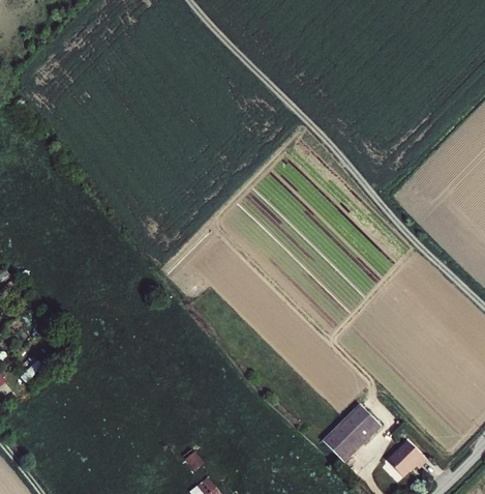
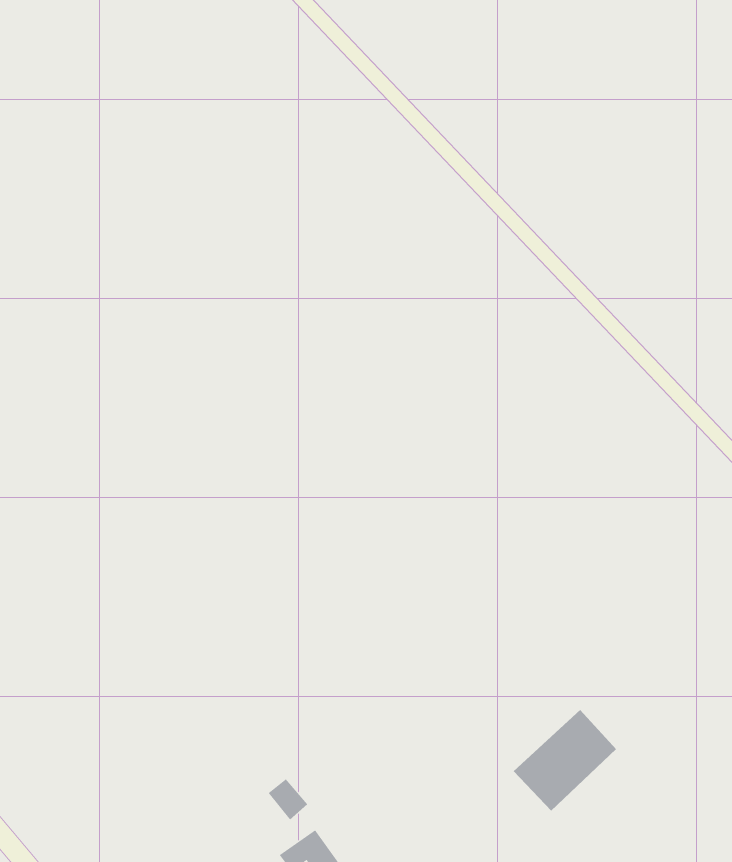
building: [387,440,427,477] -> none

